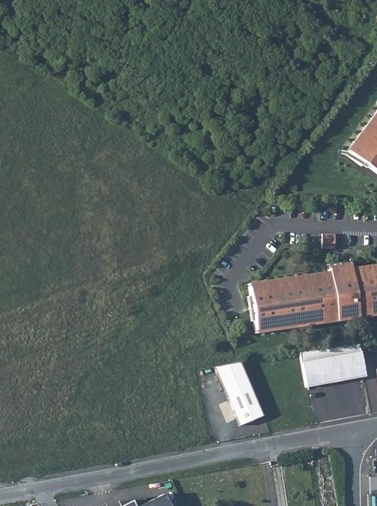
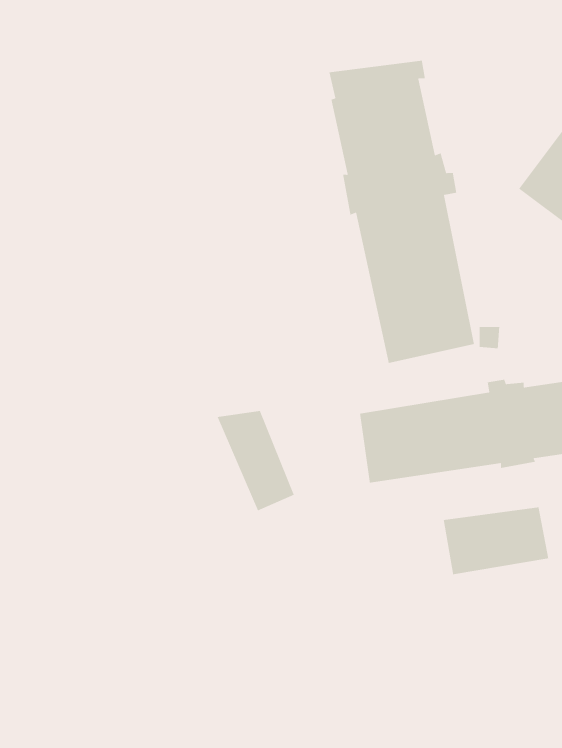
building: none -> [328,60,475,364]
building: [217,363,265,425] -> [216,410,295,512]

